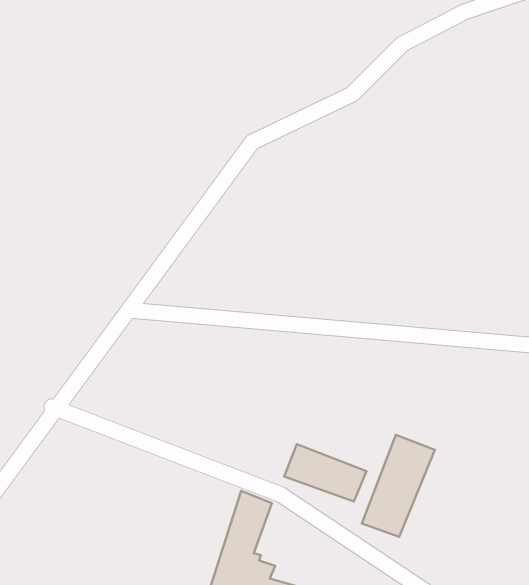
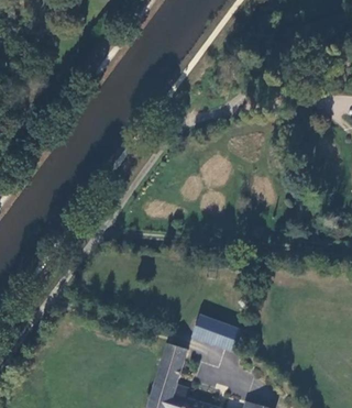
building: [362,435,435,537] -> none

